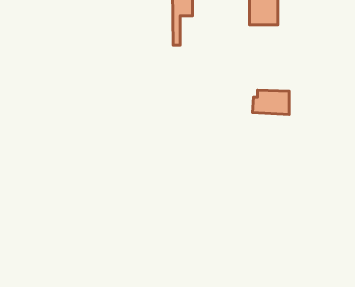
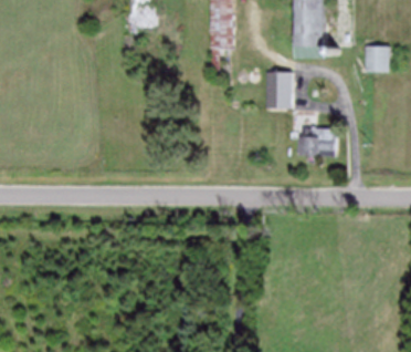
building: none -> [362,45,388,72]
building: none -> [267,71,289,107]

